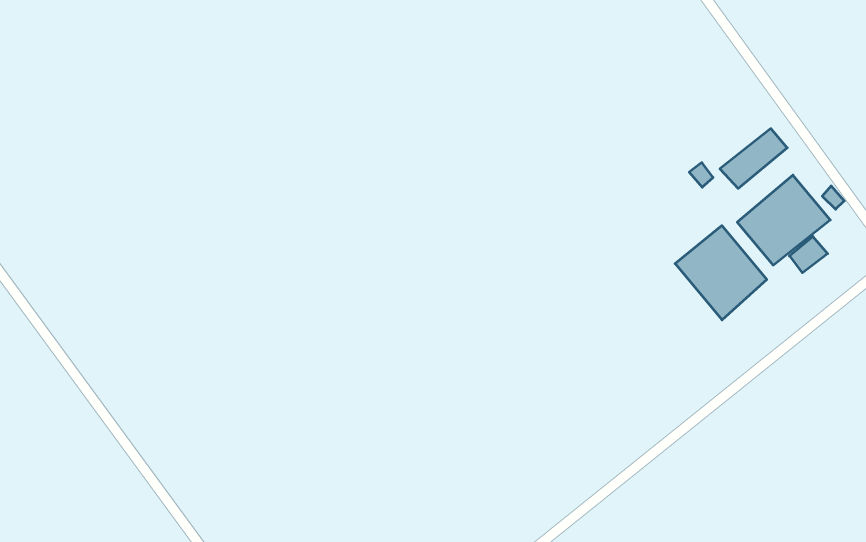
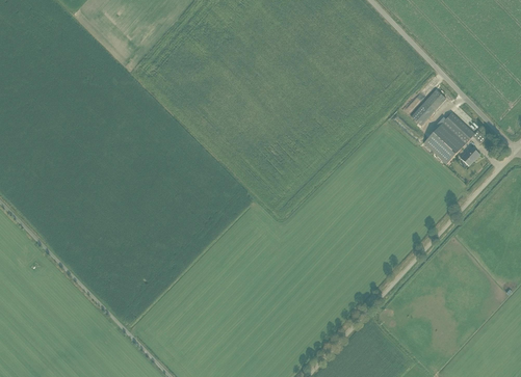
building: [675,226,767,320] -> none

